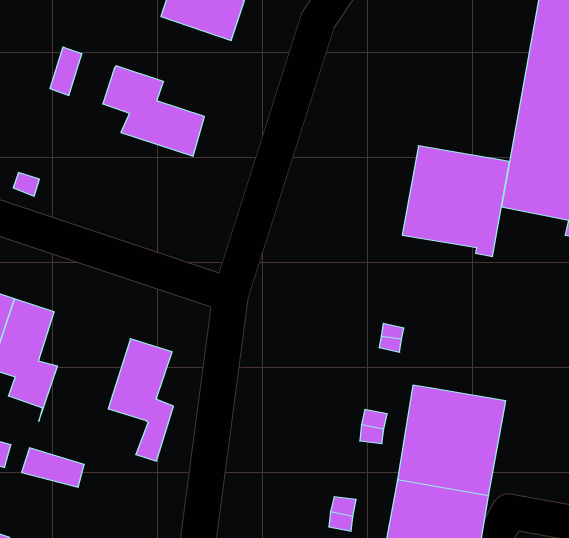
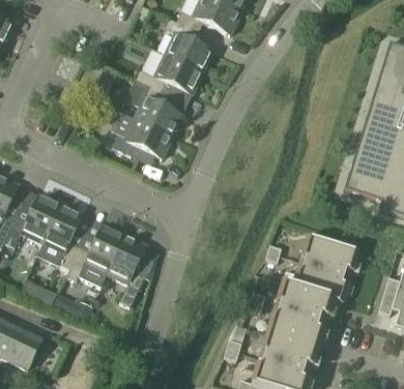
building: none -> [136,54,203,94]
building: none -> [105,112,173,157]
building: [402,146,510,257] -> [292,235,358,303]
building: none -> [66,225,124,280]

